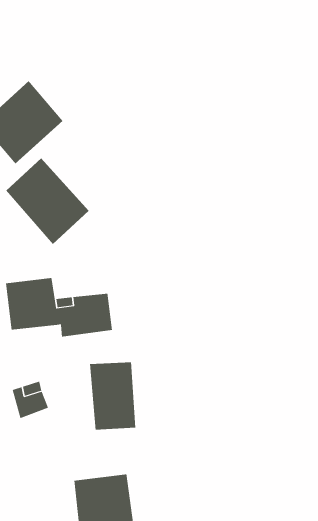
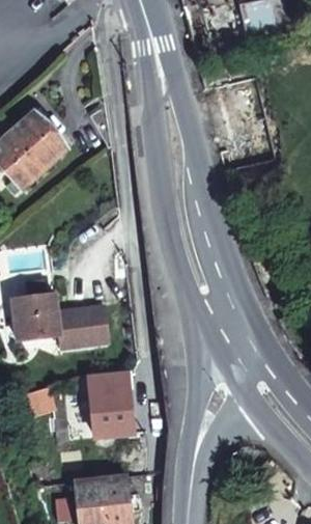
building: [6,158,89,245] -> none

